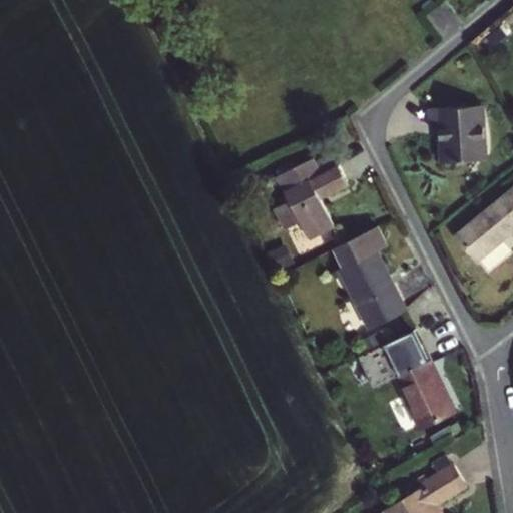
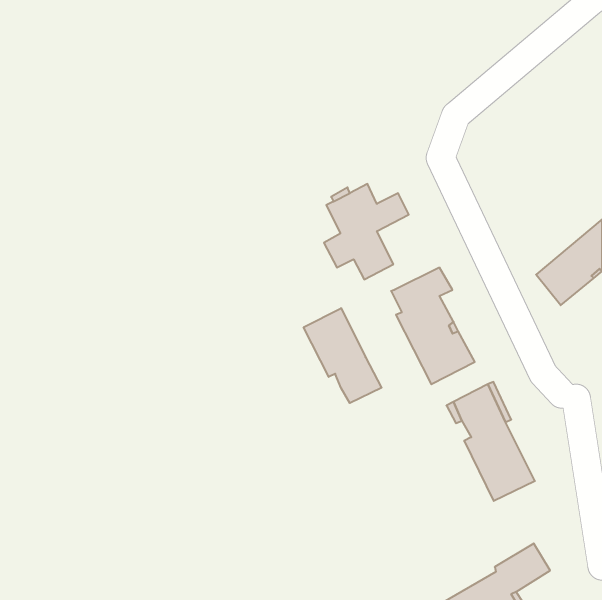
building: [431,105,487,163] -> none
building: none -> [304,308,382,403]

